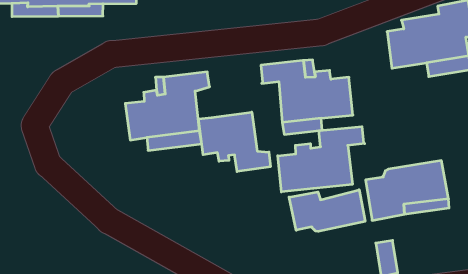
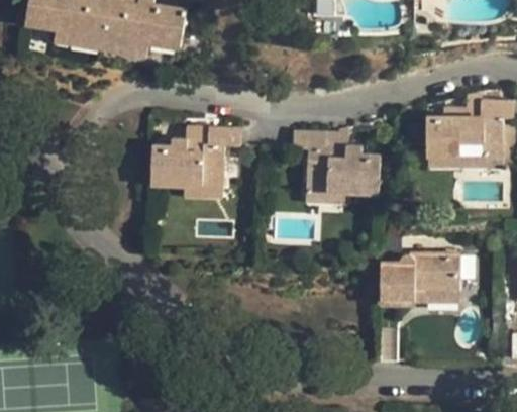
building: [199,112,270,172] -> none
building: [278,127,365,192] -> none
building: [289,190,365,231] -> none

